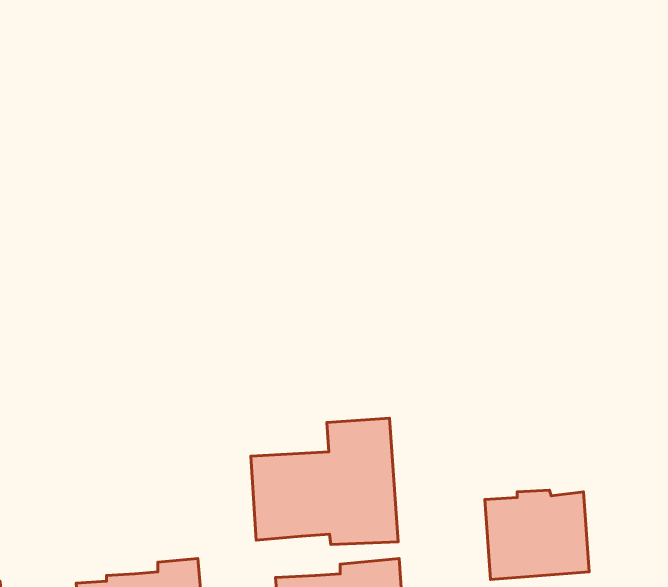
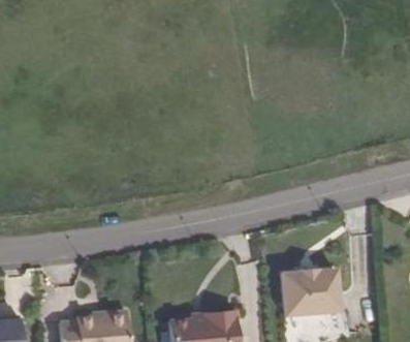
building: [251,418,398,545] -> none

